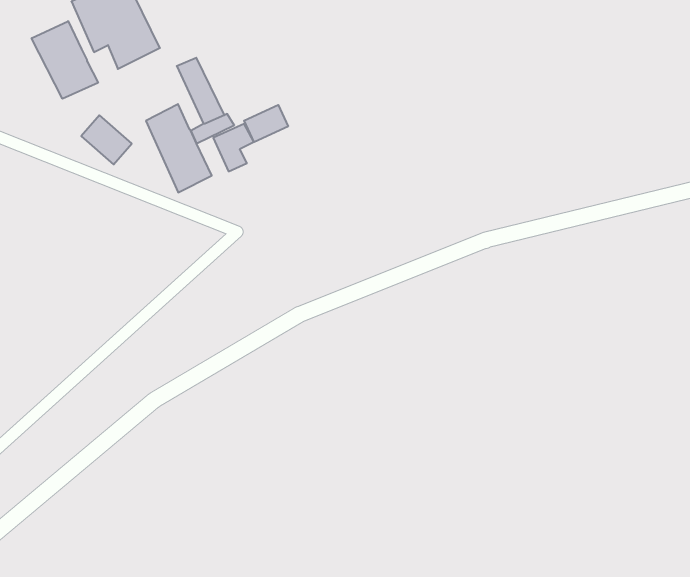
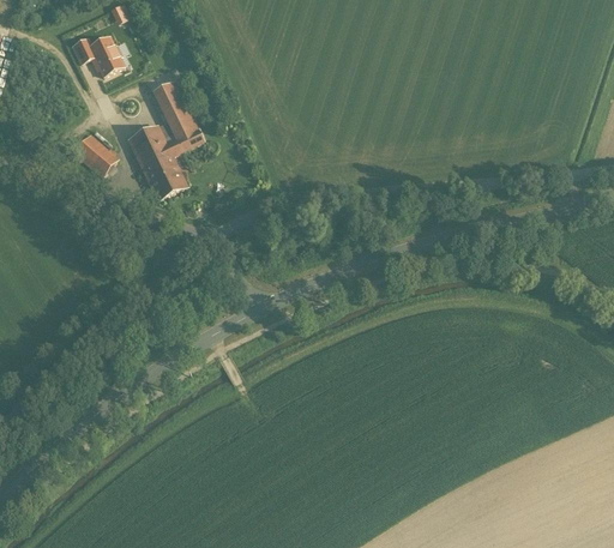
building: [32,21,98,99] -> none
building: [244,105,288,142] -> none

